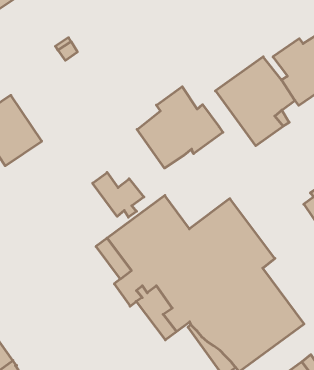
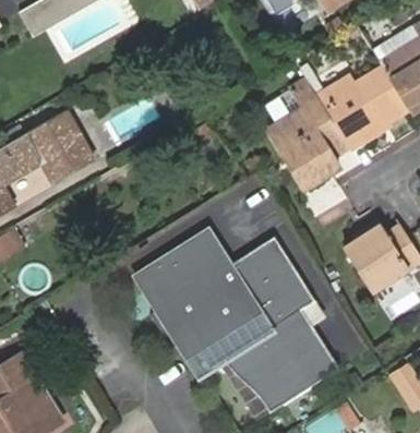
building: [137,87,223,168] -> none
building: [93,172,144,217] -> none

